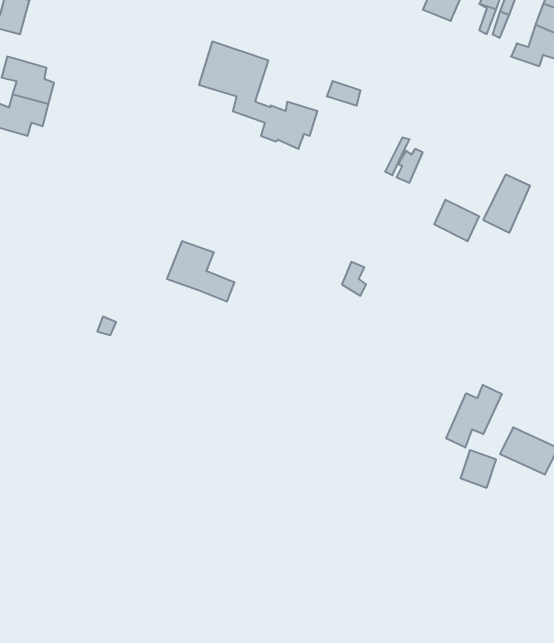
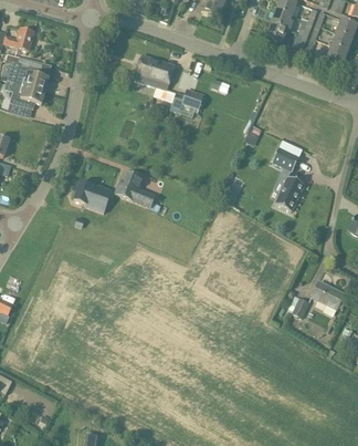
building: [483,175,530,233] -> [275,176,303,210]
building: none -> [73,179,112,211]
building: [446,385,502,448] -> none

